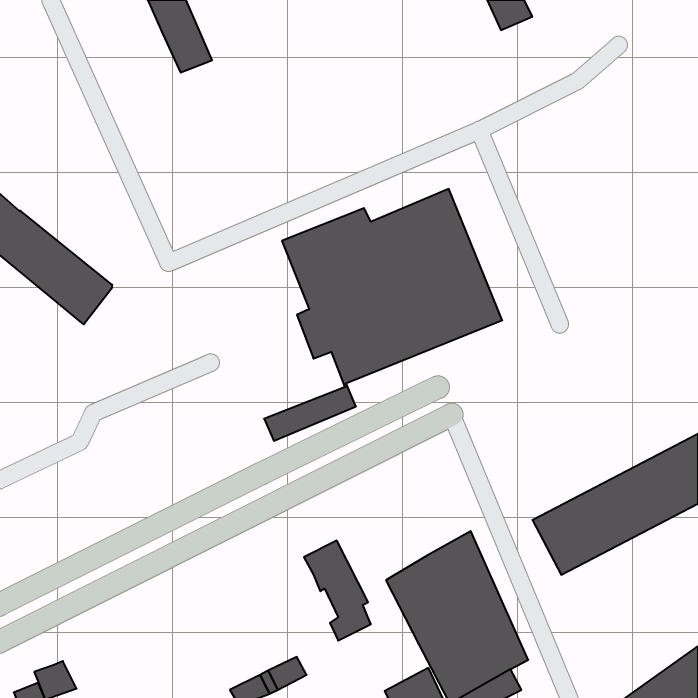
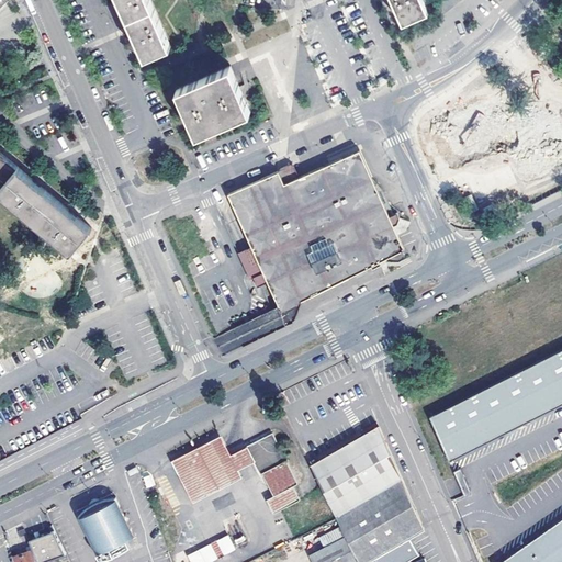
building: none -> [176,69,248,138]
building: none -> [169,437,251,504]
building: none -> [75,498,131,554]

